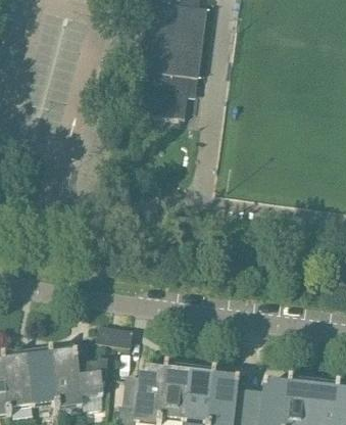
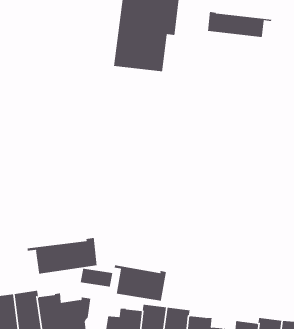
building: none -> [208,11,272,38]
building: none -> [27,237,97,274]
building: none -> [114,264,167,301]

